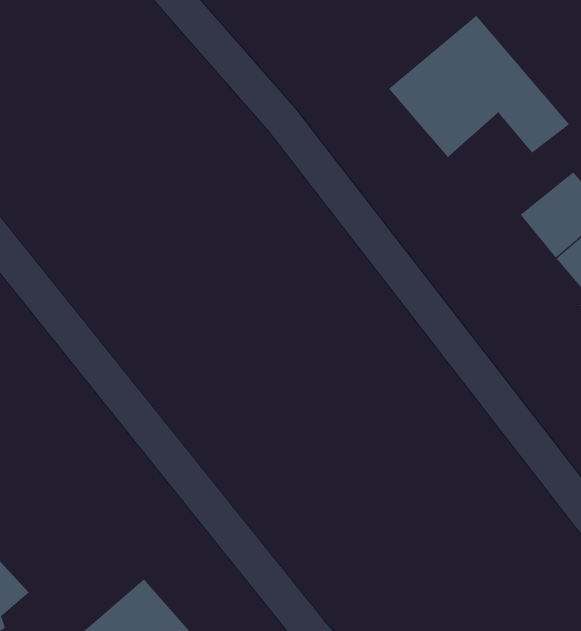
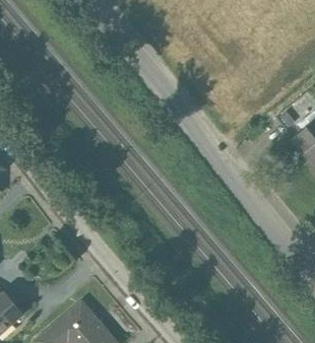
building: [388,15,570,158] -> none

